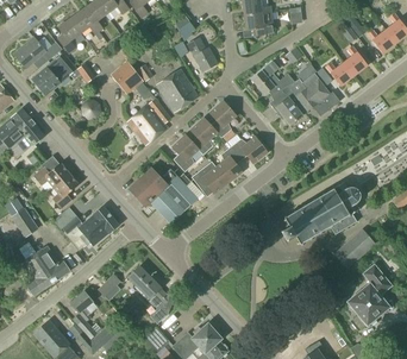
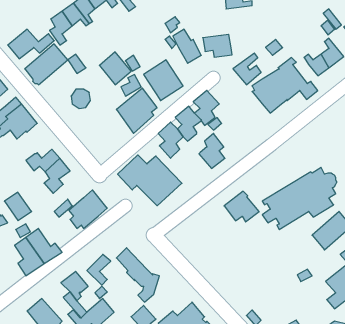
building: [243,12,274,36] -> [203,34,232,57]
building: [230,137,267,164] -> none
building: [190,162,227,194] -> [224,191,259,222]

